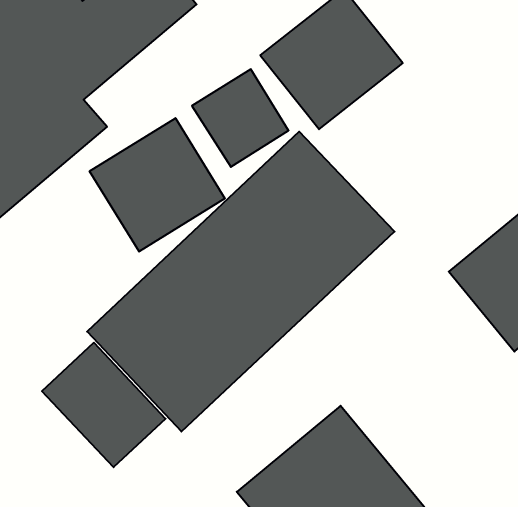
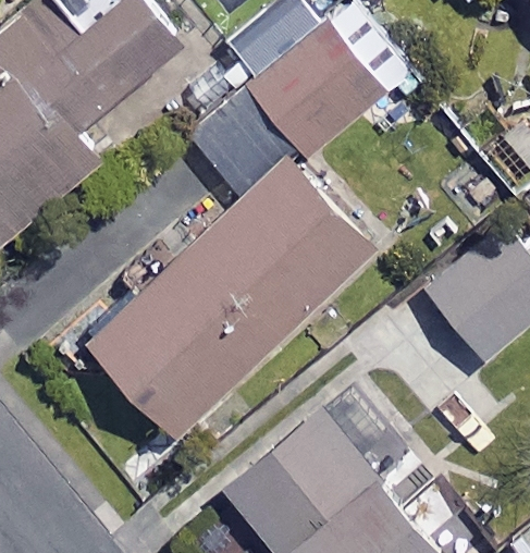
building: [90,118,225,252] -> none
building: [42,343,166,467] -> none

